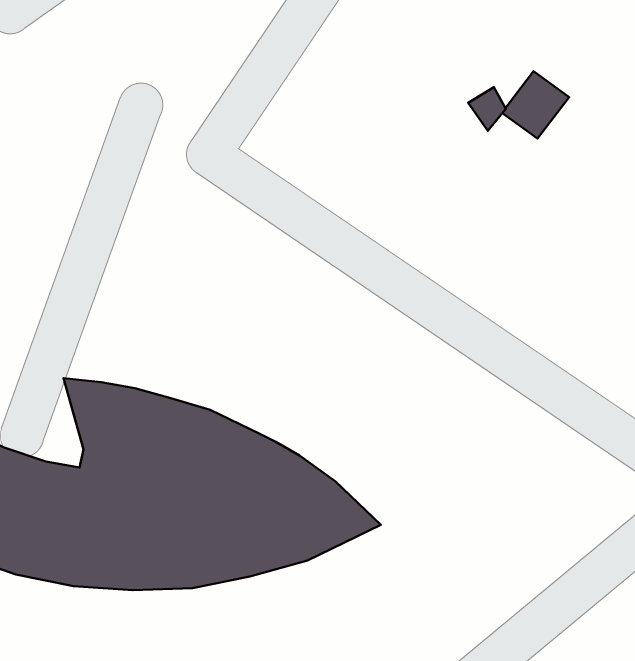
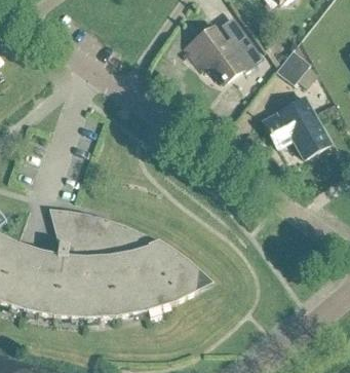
building: none -> [185,26,255,82]
building: none -> [262,97,329,158]

